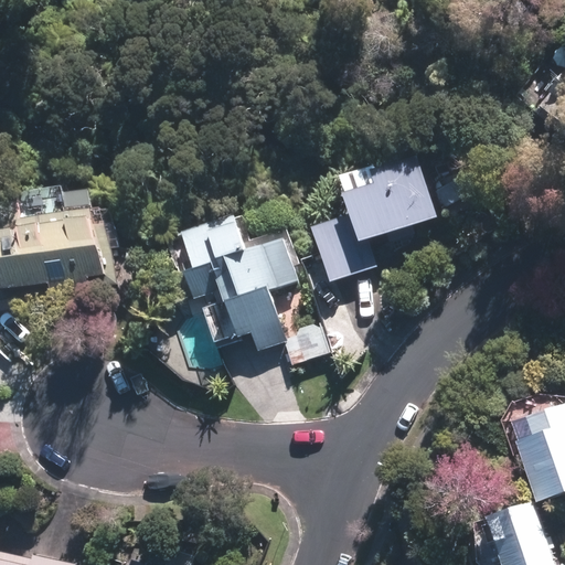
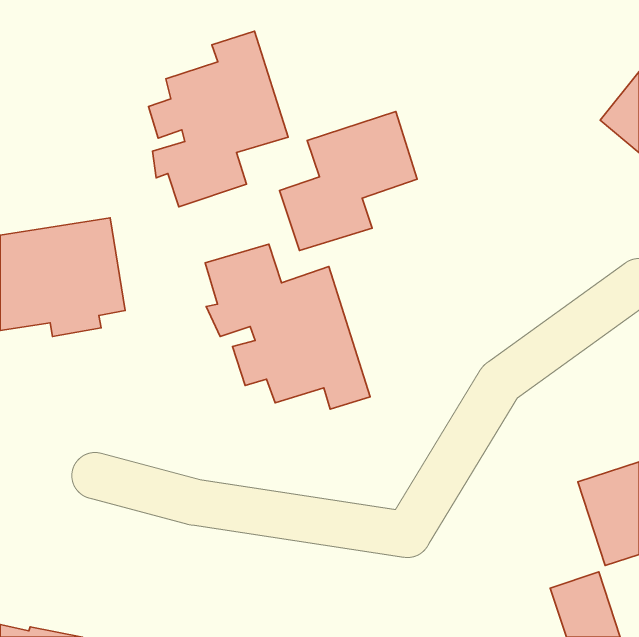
building: none -> [148,31,288,207]
building: [311,158,433,280] -> [280,112,417,251]

